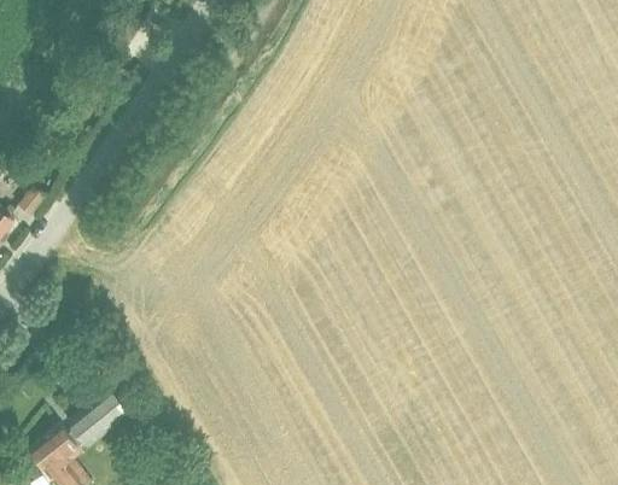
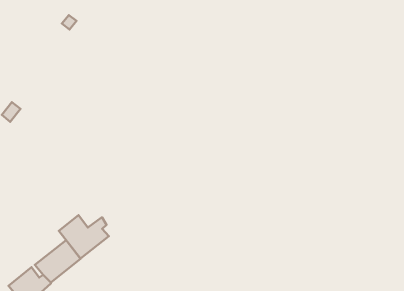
building: none -> [59,215,109,259]

